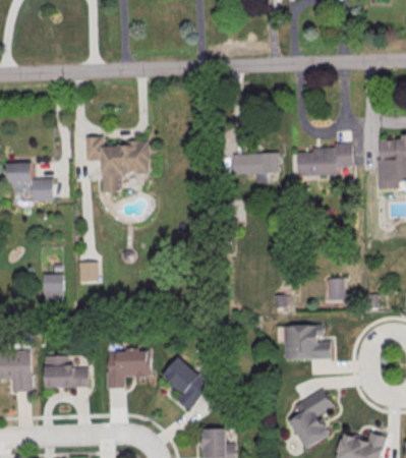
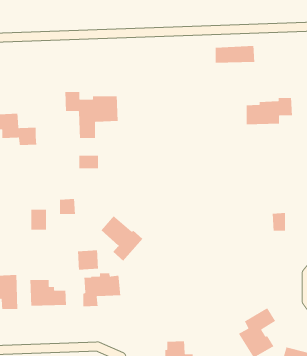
building: [232,153,279,174] -> [215,45,255,63]
building: none -> [78,155,99,169]
building: none -> [77,250,99,270]
building: [285,325,334,360] -> none
building: [162,356,212,410] -> [100,215,143,261]

